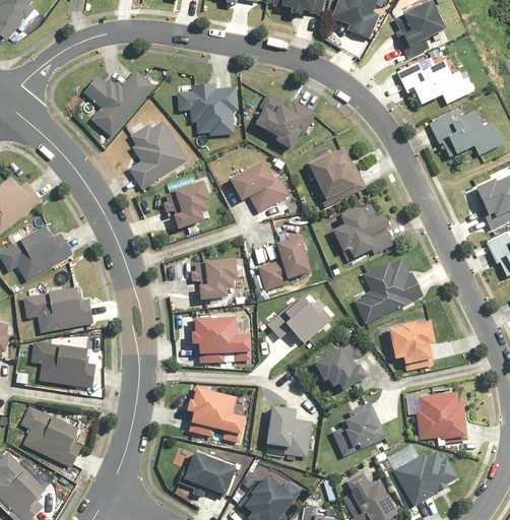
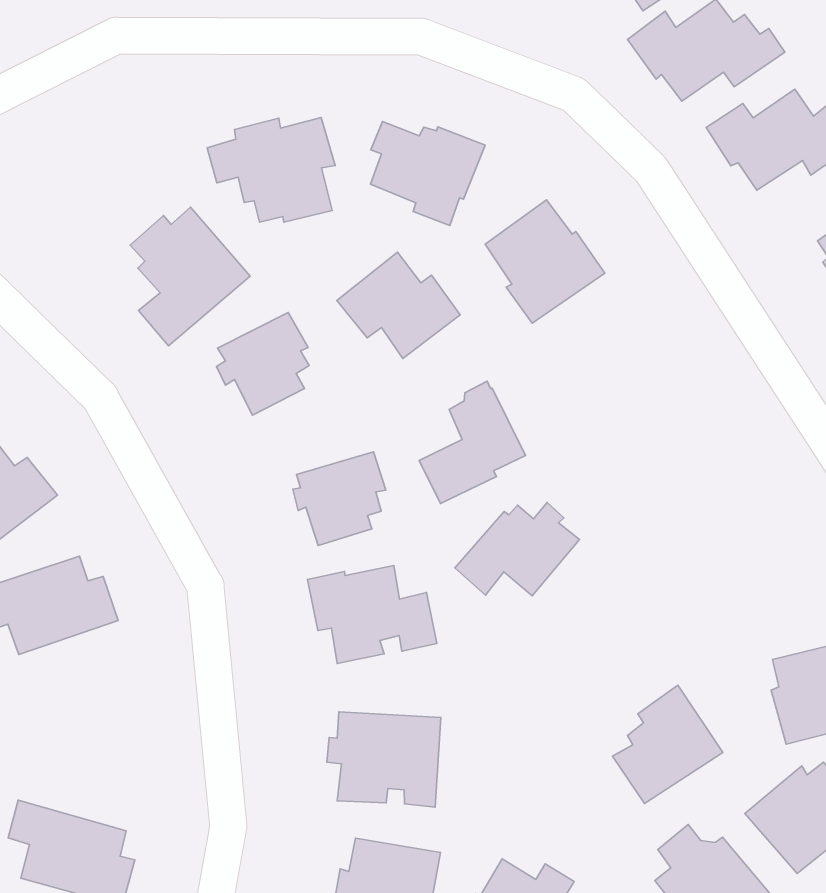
building: [82,70,153,136] -> none
building: [332,203,393,258] -> none
building: [353,257,423,323] -> none
building: [386,320,436,371] -> none
building: [29,340,94,387] -> none
building: [314,344,367,390] -> none
building: [266,405,312,457] -> none

